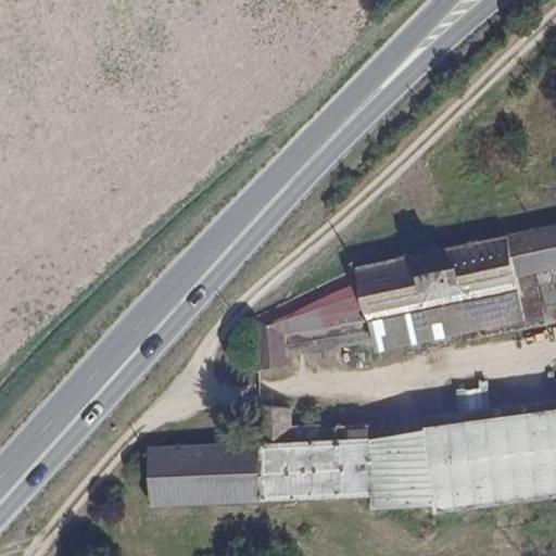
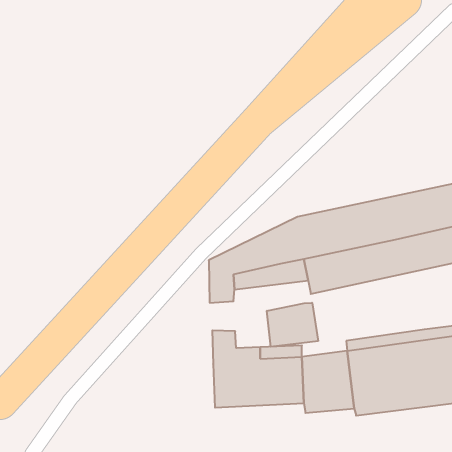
building: none -> [267,303,318,347]
building: [152,447,265,506] -> none

